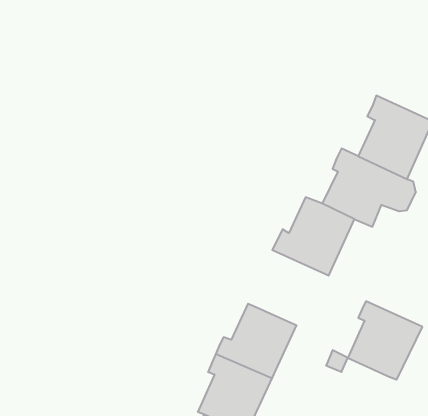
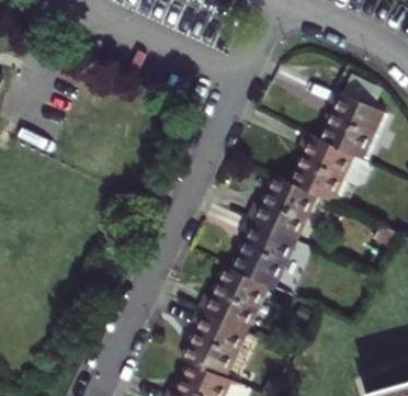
building: [348,301,422,380] -> [230,220,294,287]

